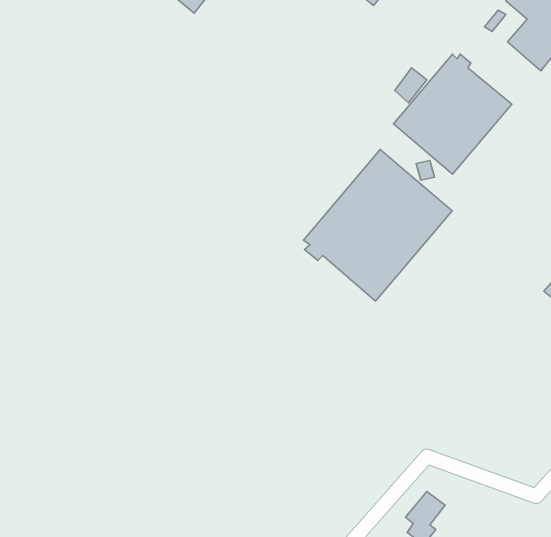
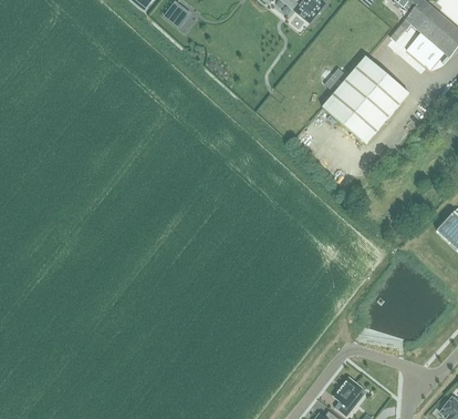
building: [303,150,452,301] -> none

